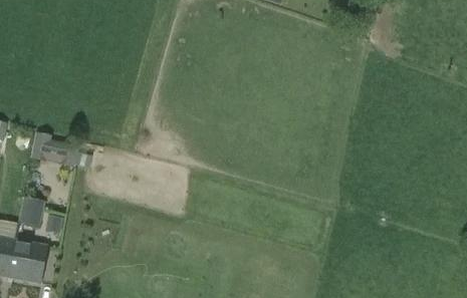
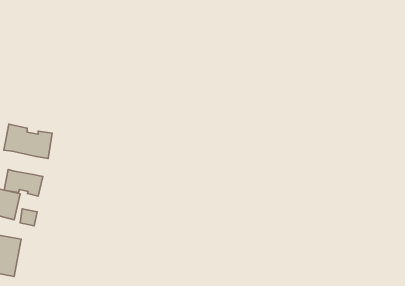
building: none -> [4,170,43,196]

